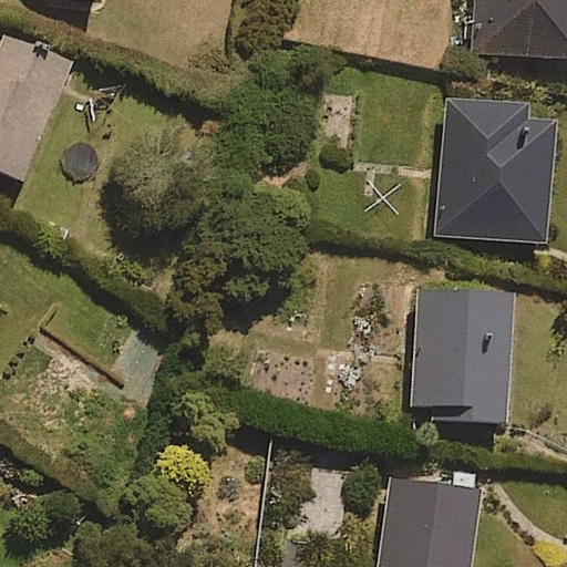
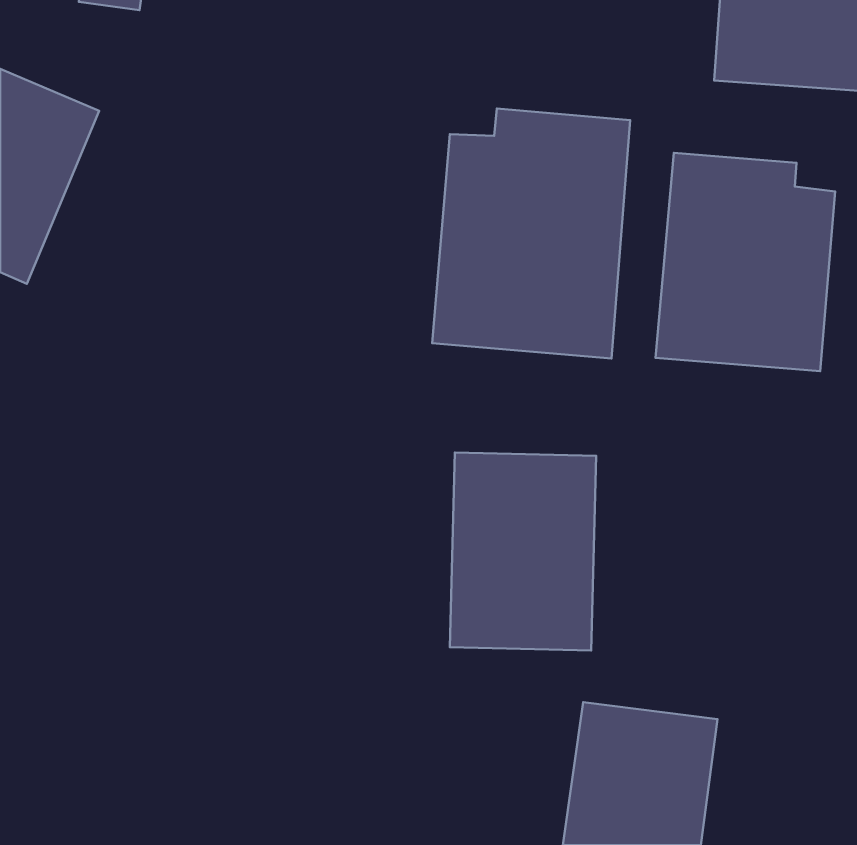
building: none -> [432,109,630,359]
building: [416,288,513,419] -> [450,452,596,651]

